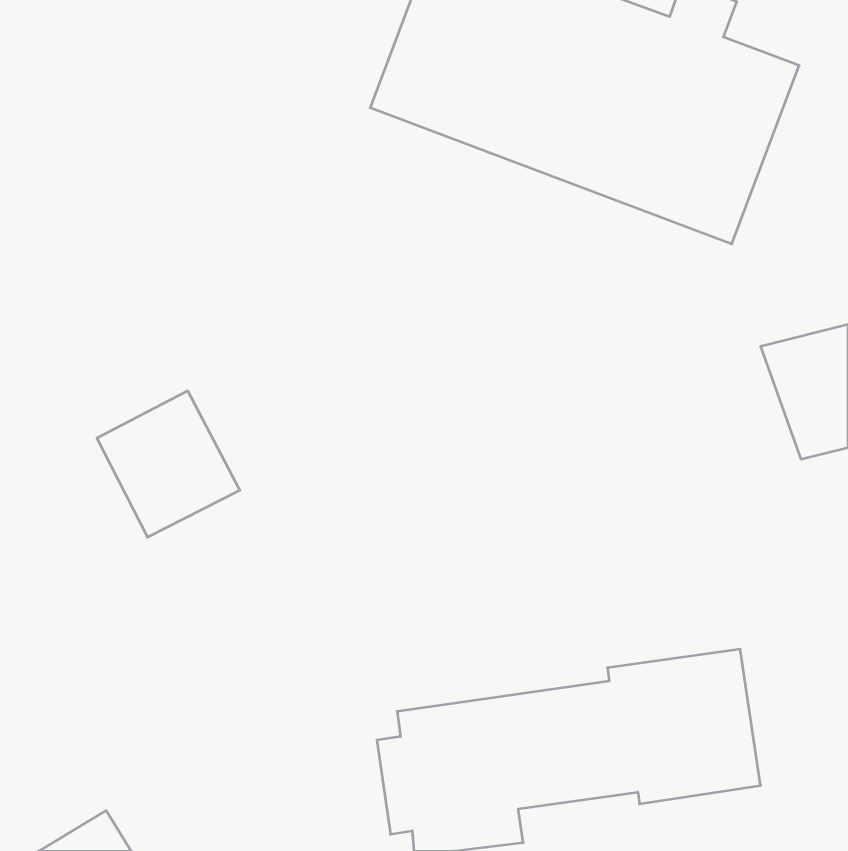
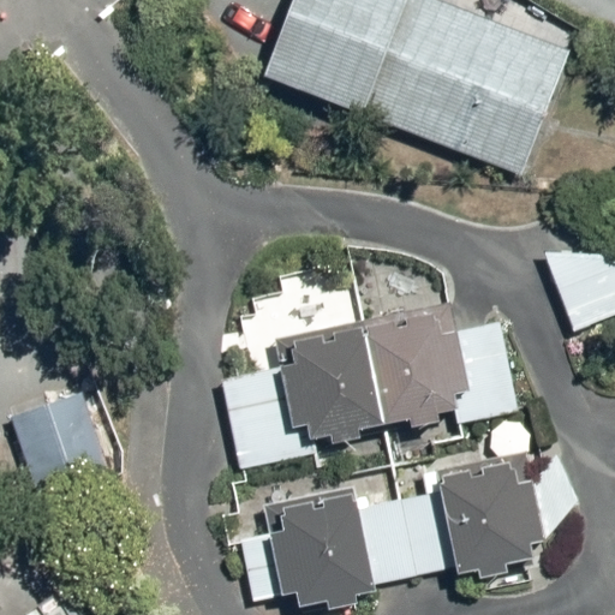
building: [97,391,240,537] -> [12,389,114,494]
building: none -> [220,311,519,468]

